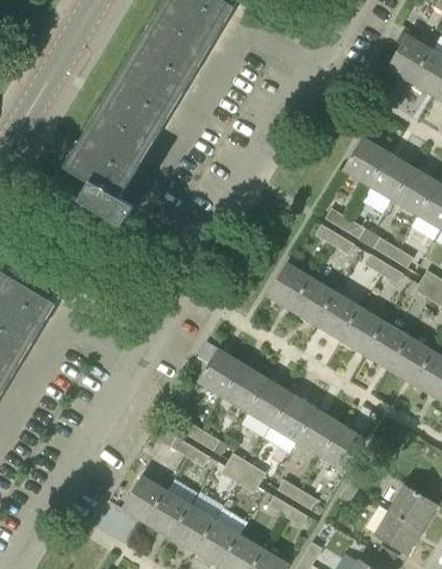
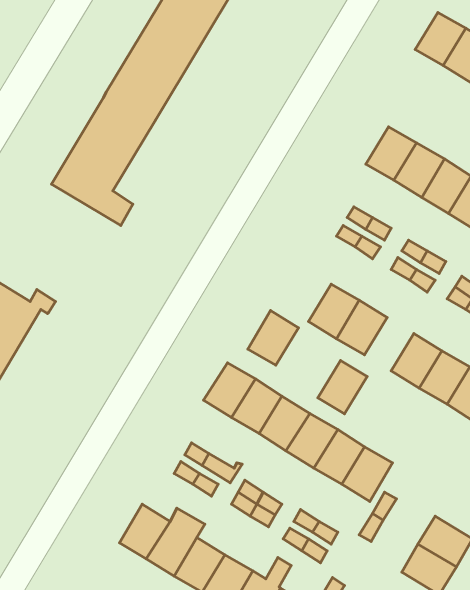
building: [266,262,311,311] -> [248,311,299,365]
building: [341,307,385,355] -> [318,361,367,414]

